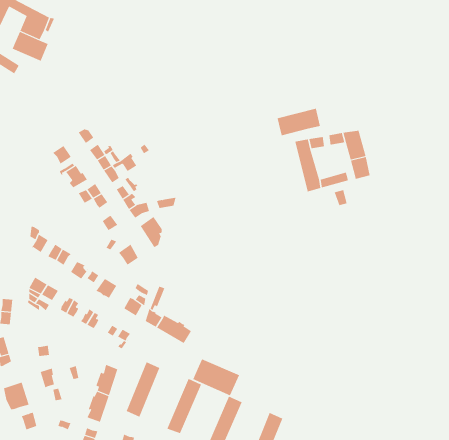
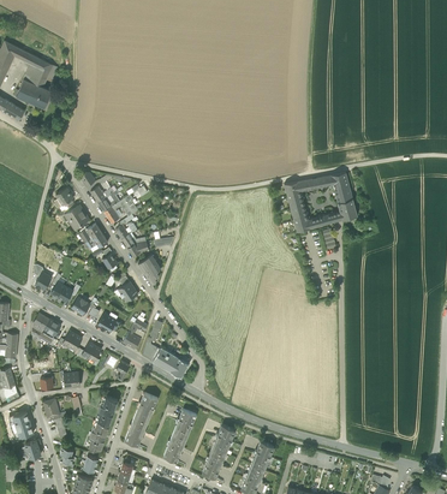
building: [277,108,321,136] -> none
building: [193,358,240,396] -> none

